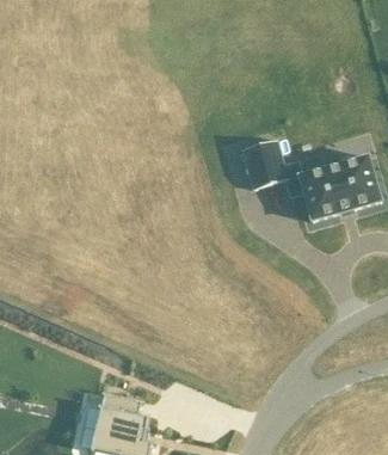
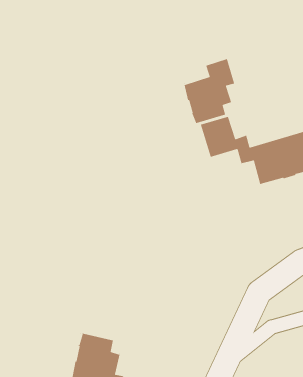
building: none -> [183,57,237,125]

